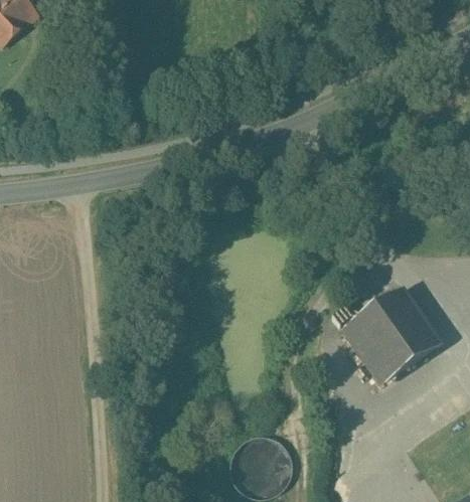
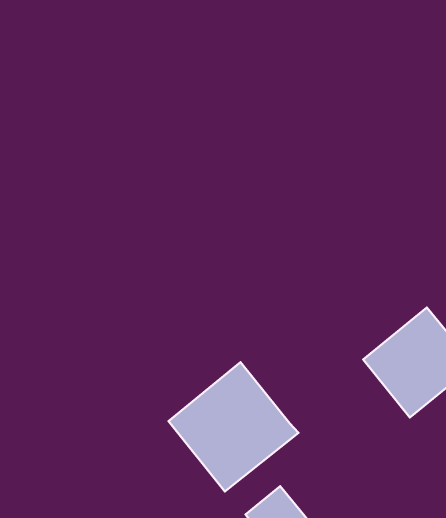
building: none -> [168,362,298,491]

